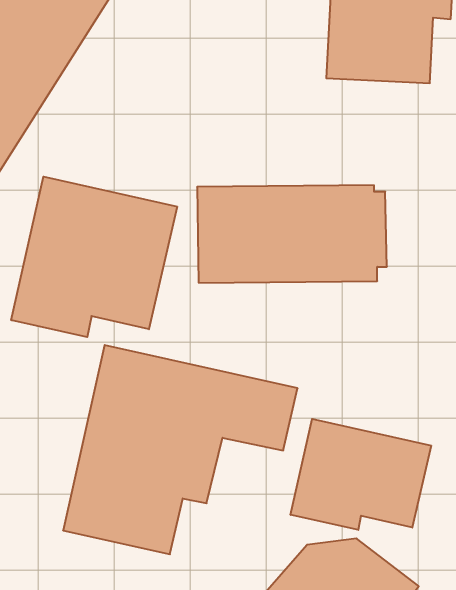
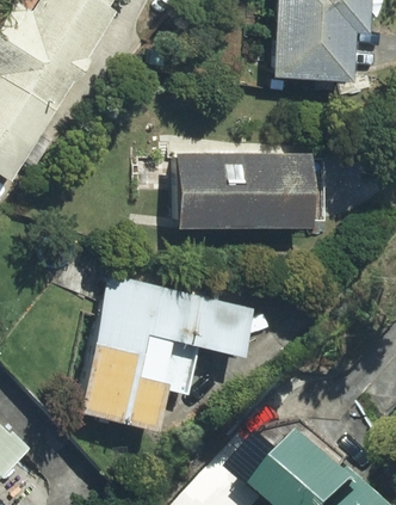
building: [11,177,177,337] -> none
building: [291,419,431,530] -> none

